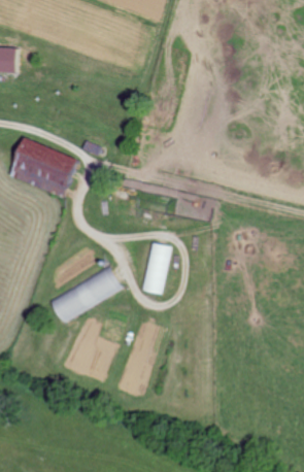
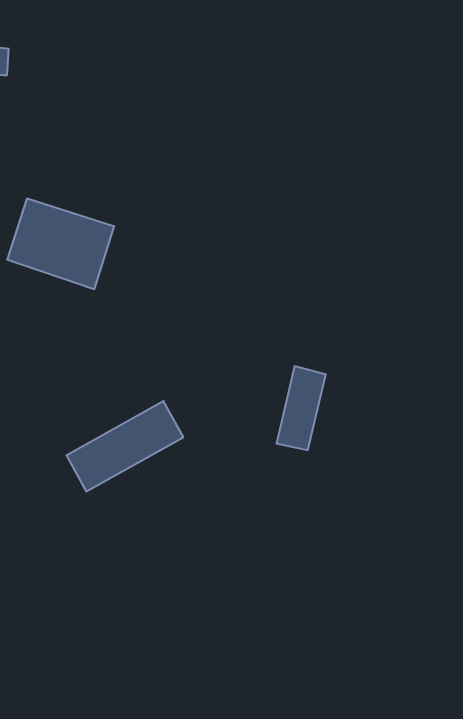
building: [140,243,171,296] -> [276,366,326,450]

